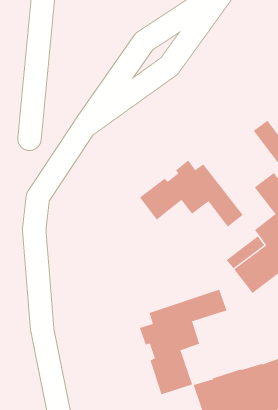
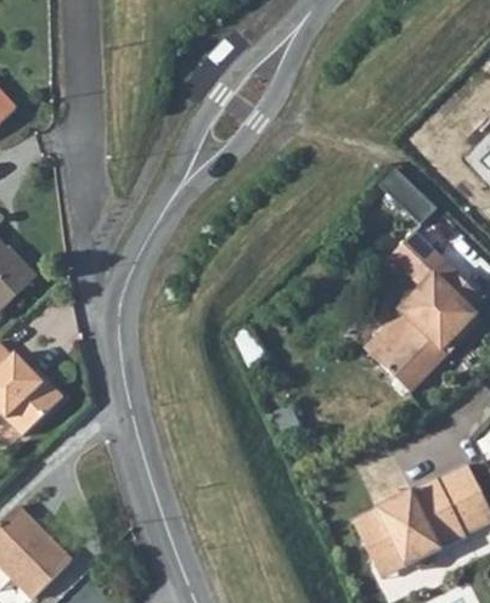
building: [139,160,243,228] -> none
building: [139,289,227,395] -> none

